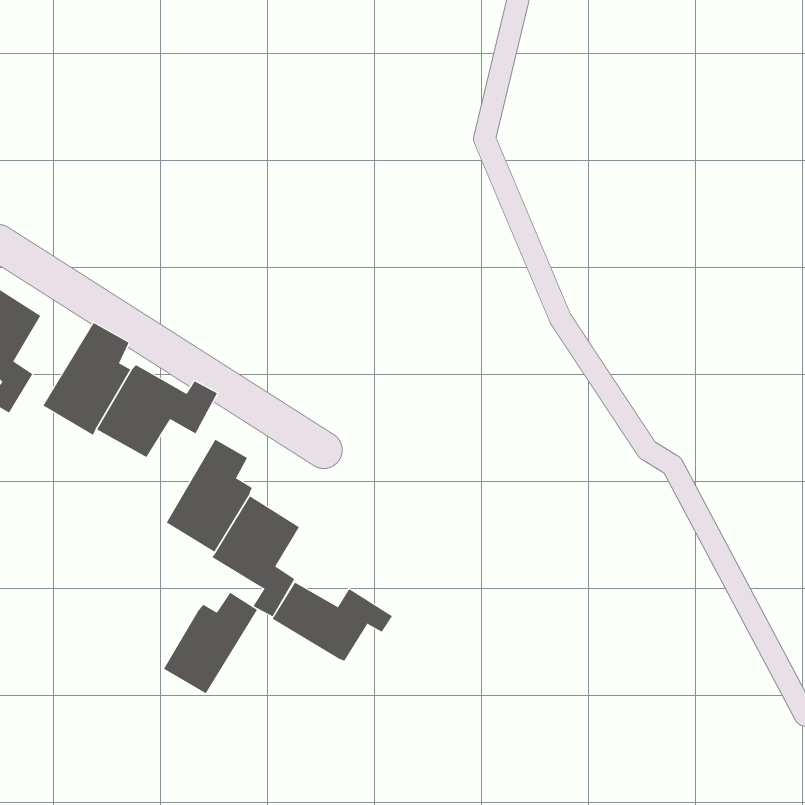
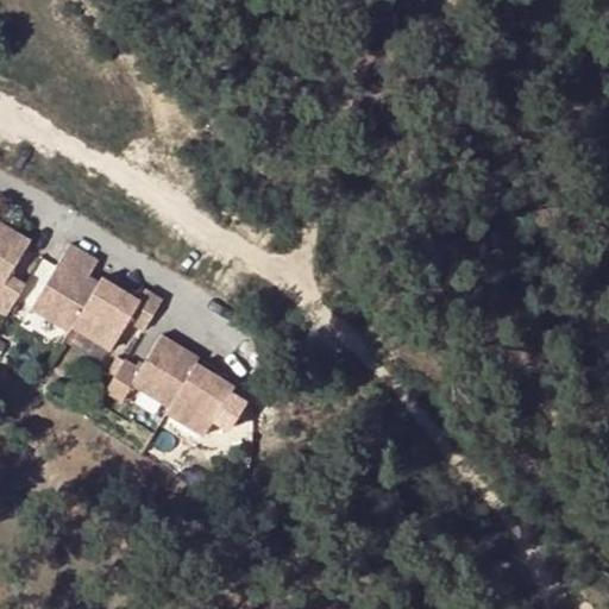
building: [272,582,393,662] -> none
building: [163,592,258,694] -> none

